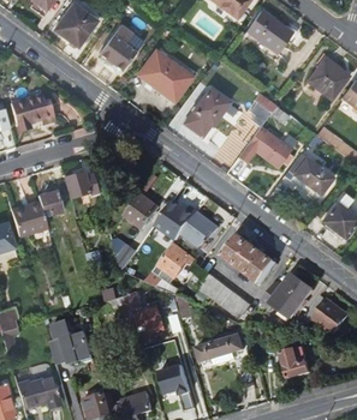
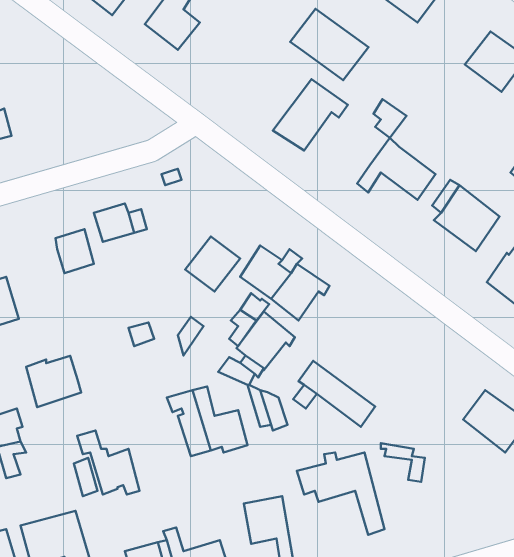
building: [137,53,189,100] -> [290,9,369,80]
building: [12,95,56,130] -> none
building: [11,202,47,235] -> [26,356,81,407]
building: [222,235,275,284] -> none
building: [258,272,315,318] -> none
building: [282,347,311,379] -> none

